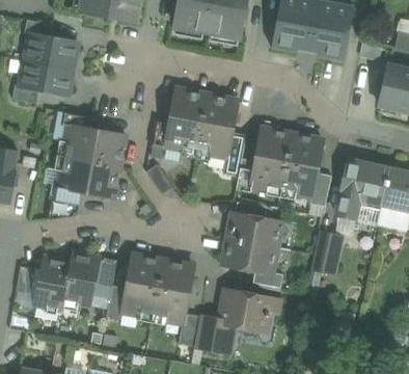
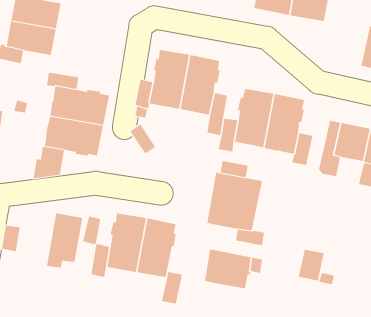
building: [312,232,339,264] -> [298,249,325,281]
building: [34,257,70,322] -> none
building: [193,316,234,352] -> none

